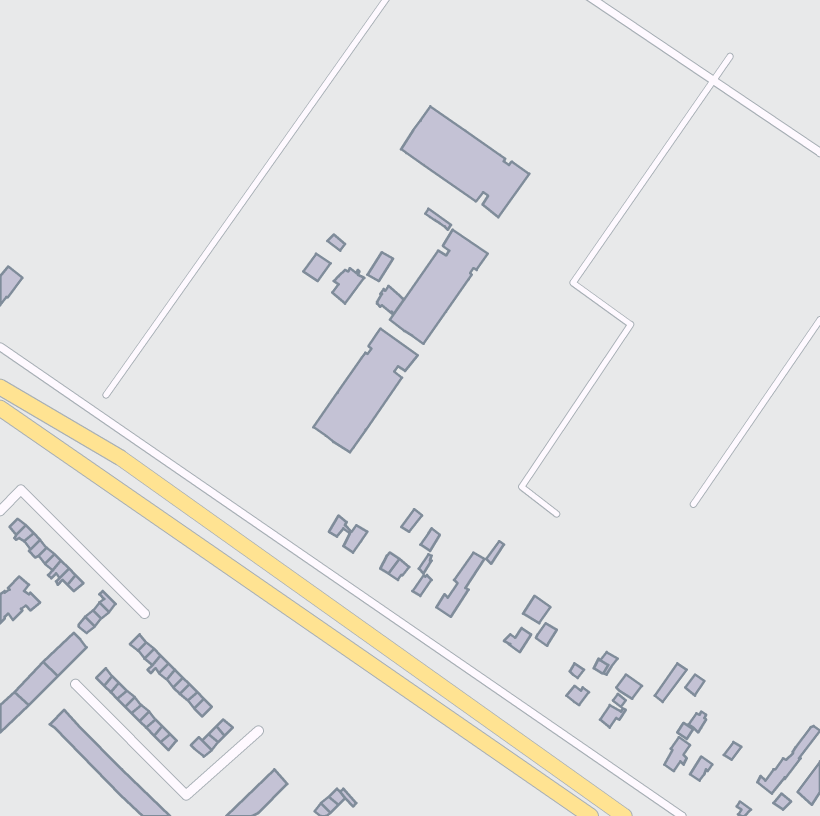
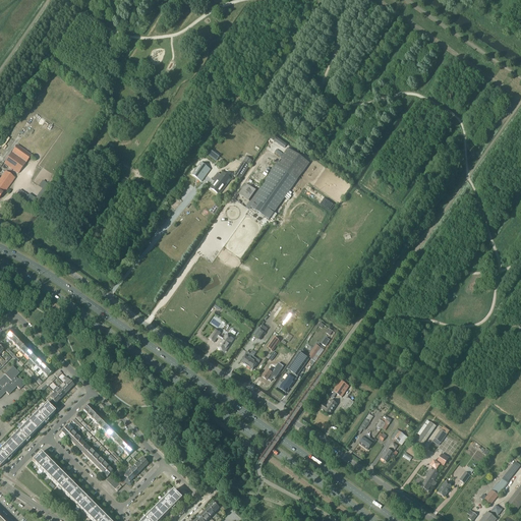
building: [401,106,529,217] -> none
building: none -> [4,142,31,171]
building: [313,329,418,452] -> none

